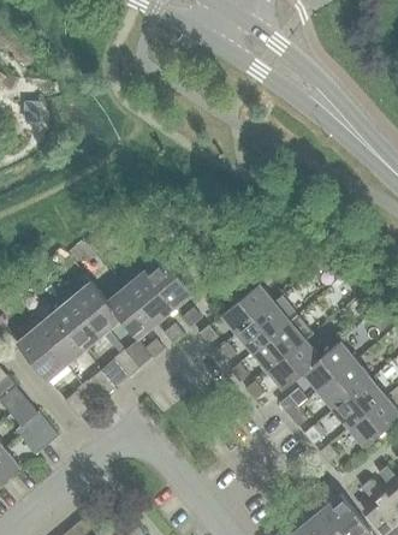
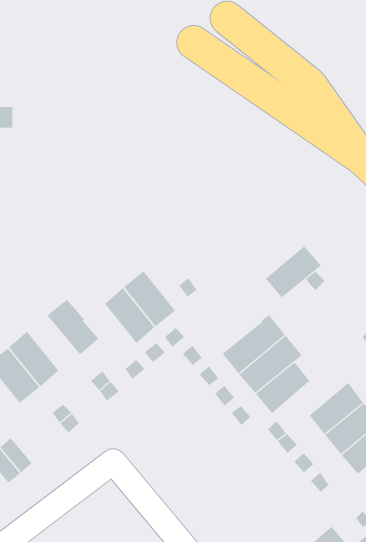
building: [220,285,273,334] -> [265,245,321,298]
building: [106,287,155,340] -> none
building: [53,298,102,350] -> none
building: [302,343,355,392] -> none

